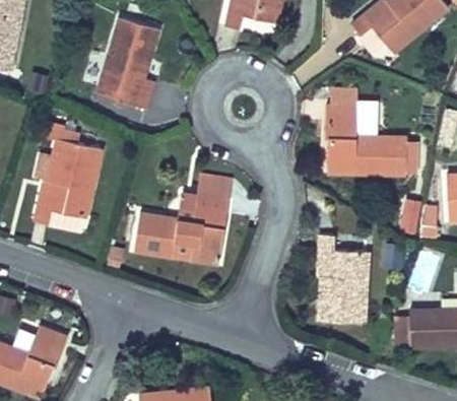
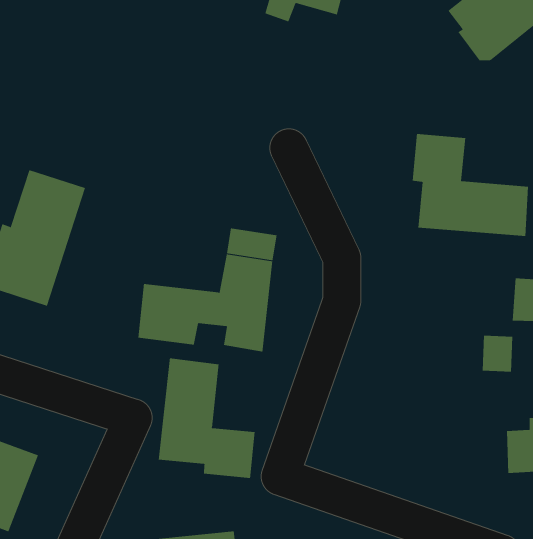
building: [99,18,160,115] -> none
building: [317,229,372,322] -> none
building: none -> [158,358,255,479]

